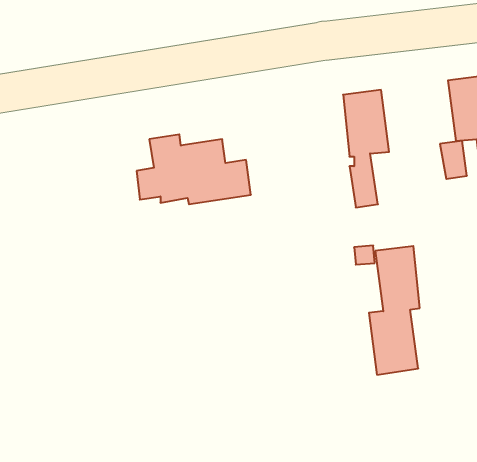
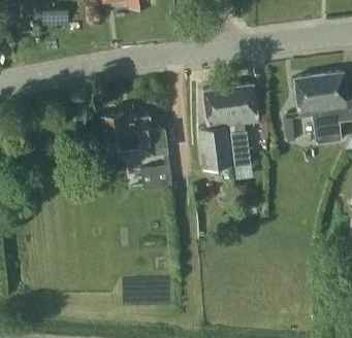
building: none -> [141,164,173,189]
building: [369,246,420,375] -> [199,87,232,170]

